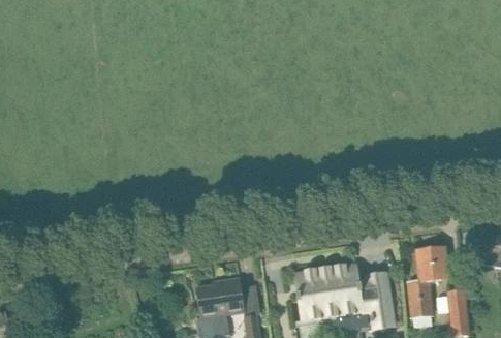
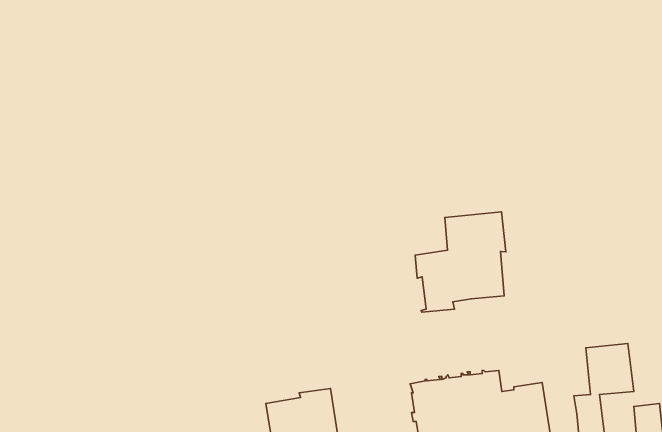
building: none -> [415,212,506,312]

